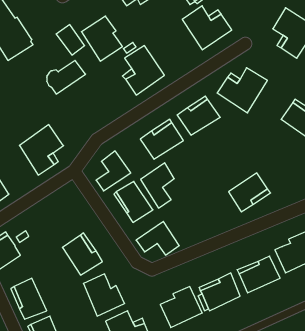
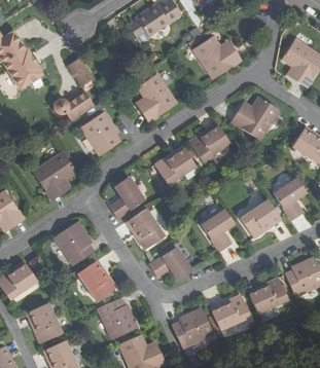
building: [81,16,122,61] -> [80,112,120,156]
building: none -> [273,178,305,221]
building: [141,163,174,208] -> [200,209,233,253]
building: none -> [54,220,94,264]

